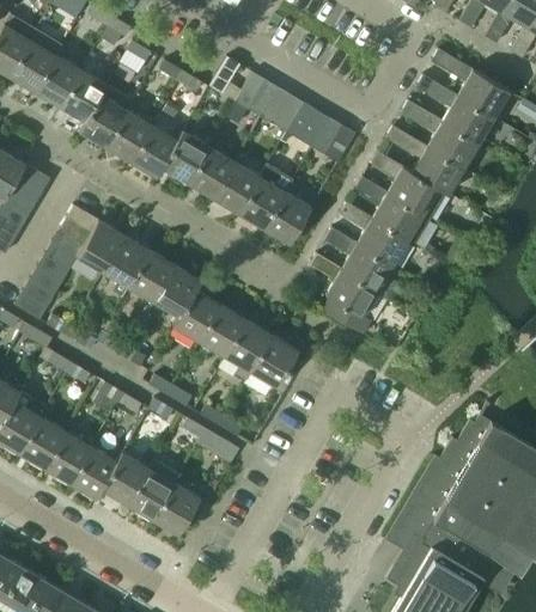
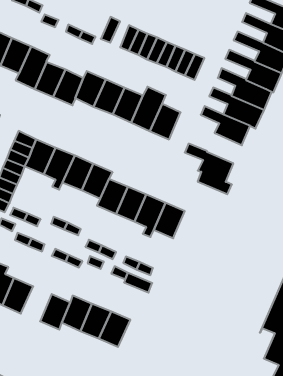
building: [325,228,394,290] -> none
building: [44,432,92,483] -> none

